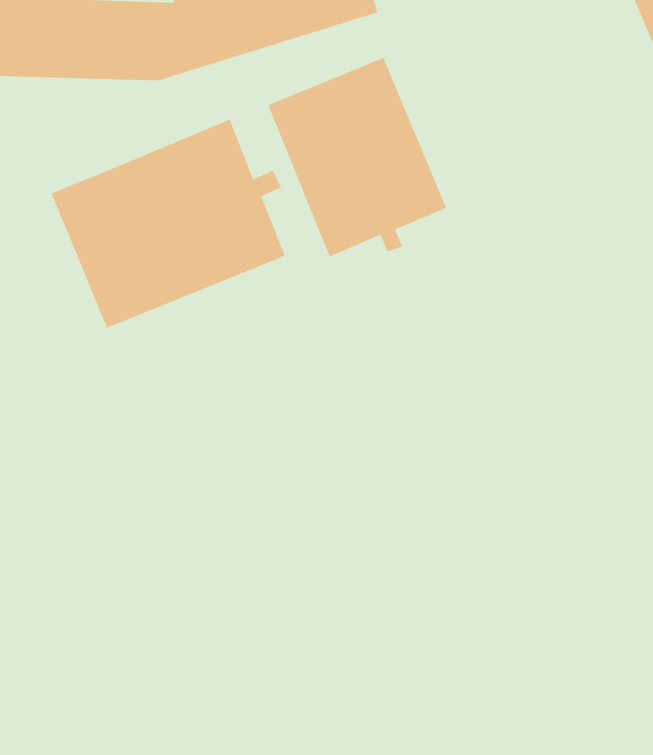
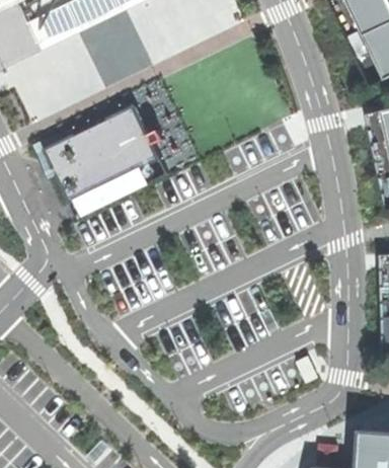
building: [267,57,447,257] -> none

